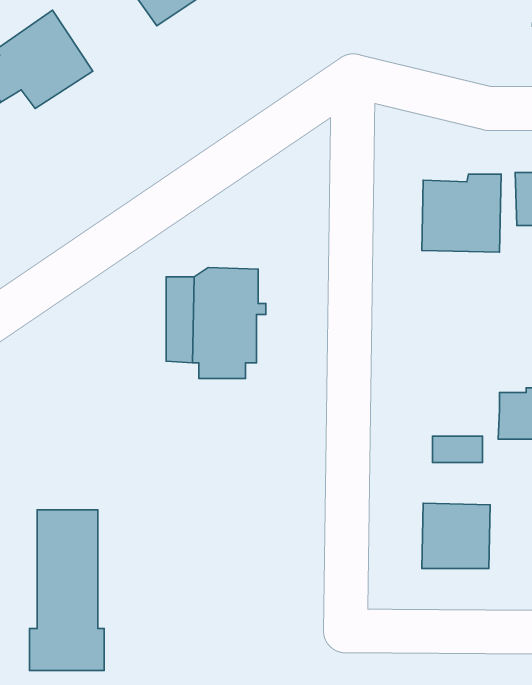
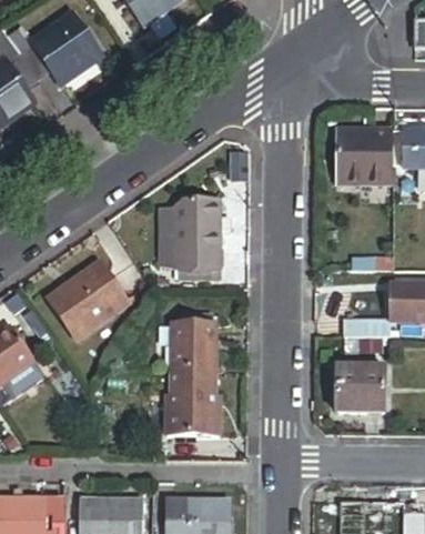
building: none -> [47,260,128,339]
building: [29,510,104,671] -> [166,319,220,433]

